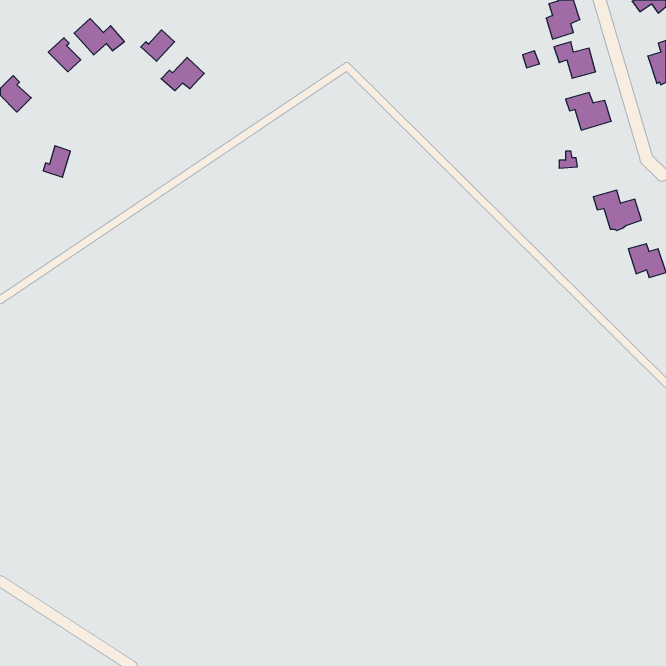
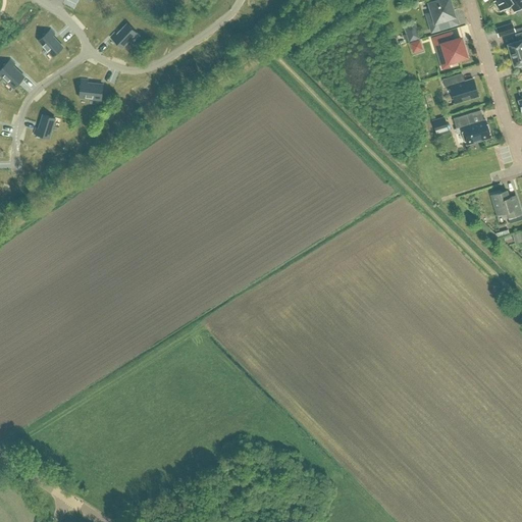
building: [74,19,124,55] -> none
building: [161,57,204,91] -> none
building: none -> [79,79,103,100]
building: [593,190,641,231] -> [453,113,490,145]

